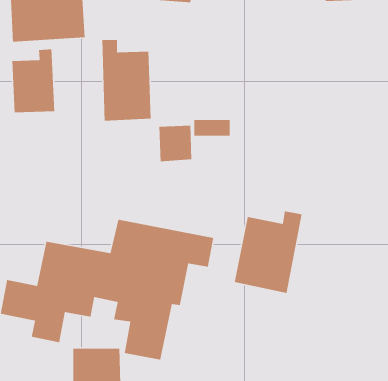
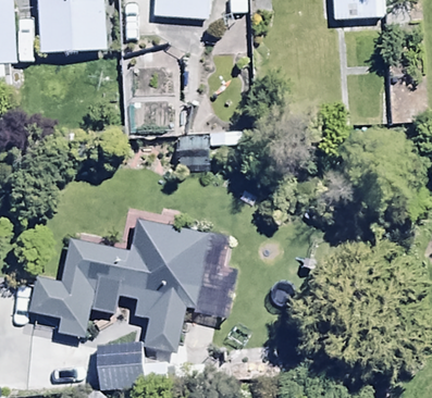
building: [12,49,55,113] -> none
building: [234,211,303,294] -> none

